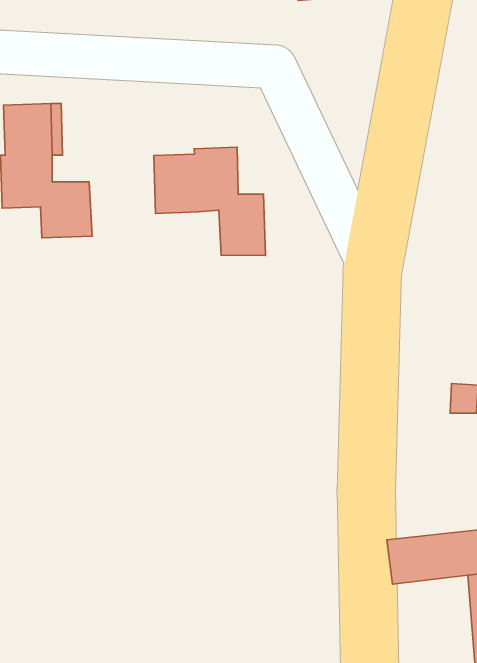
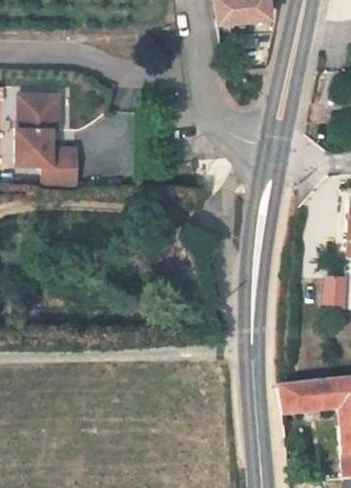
building: [154,147,265,255] -> none

